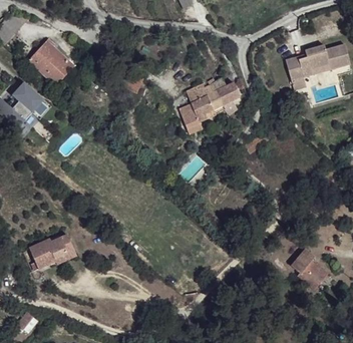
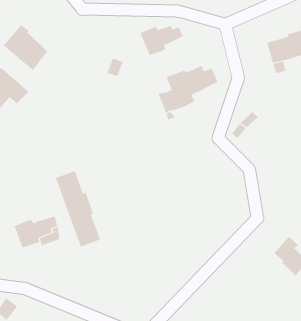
building: none -> [140,25,184,56]
building: none -> [55,170,101,247]

